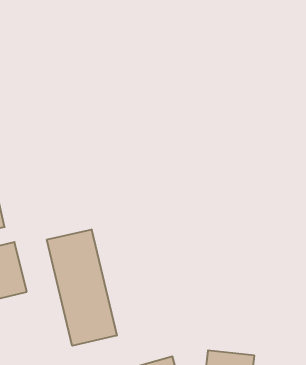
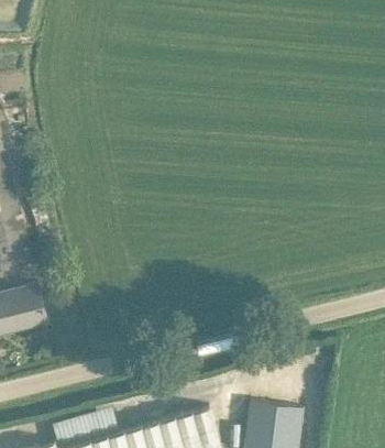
building: [47,229,117,346] -> none

